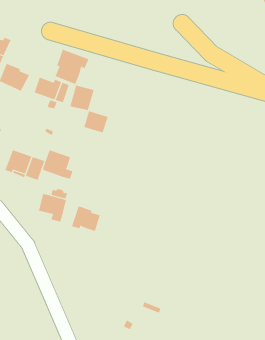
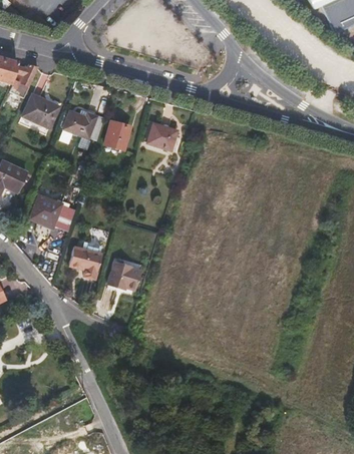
building: [55,49,89,85] -> none
building: [83,111,108,133] -> [146,123,175,149]
building: [42,150,73,180] -> none

